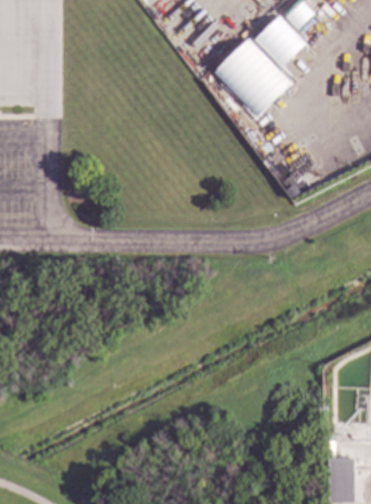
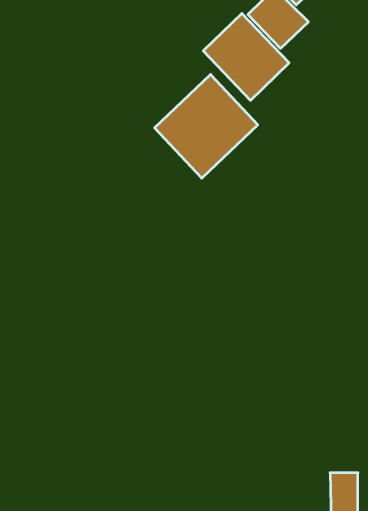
building: none -> [155,74,258,178]

